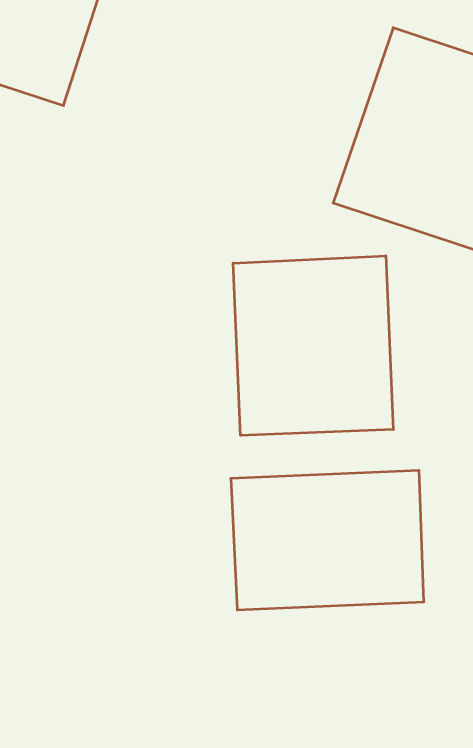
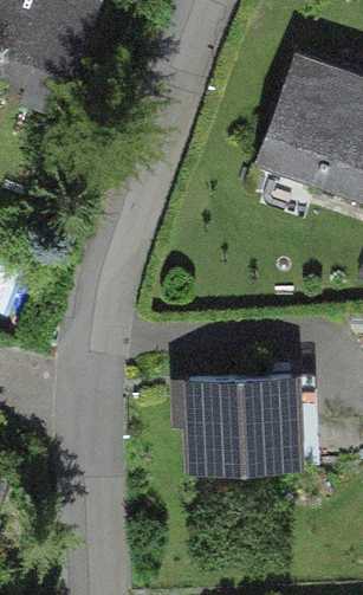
building: [233,256,393,435] -> none

